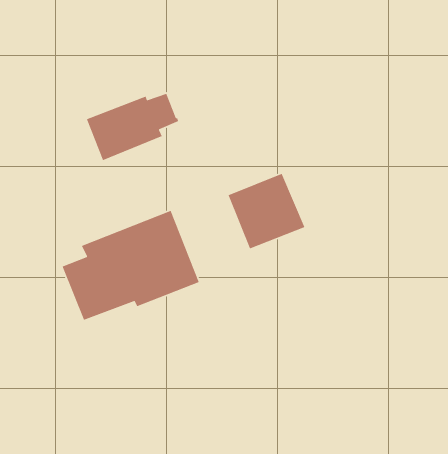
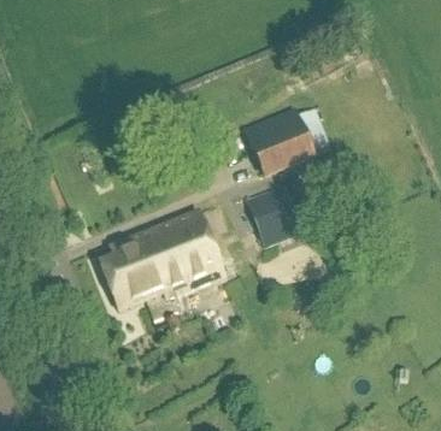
building: [86,93,179,161] -> [246,119,328,179]

